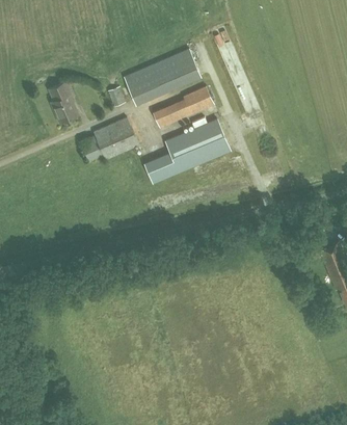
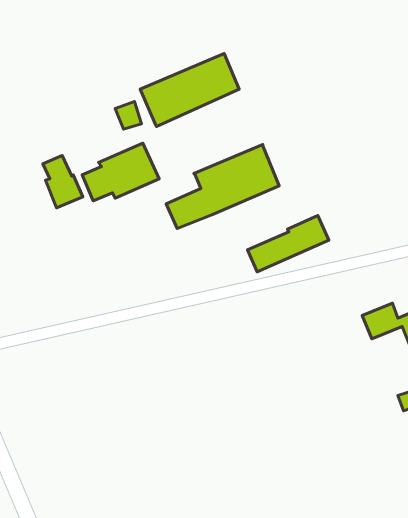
building: [48,83,78,123] -> [43,155,83,208]
building: [152,85,213,128] -> [248,215,329,272]

